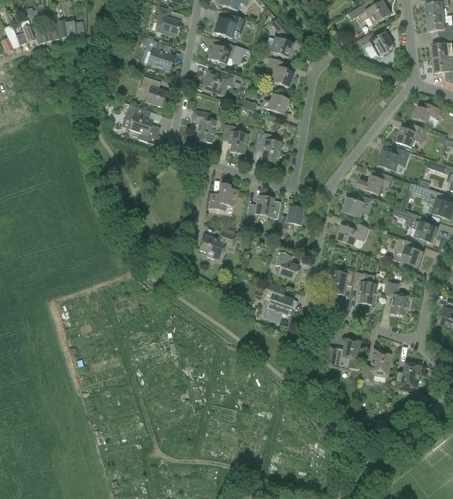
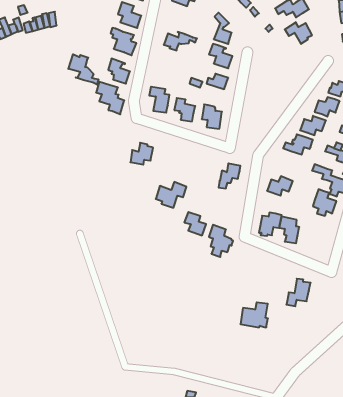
building: [213,12,246,38] -> none
building: [202,69,242,93] -> none
building: none -> [68,54,98,85]
building: [208,183,236,210] -> [130,143,153,165]
building: [341,194,373,218] -> none
building: [245,195,280,221] -> none
building: [271,250,298,279] -> [184,212,206,235]
building: [385,280,408,315] -> none
building: [325,338,359,369] -> [240,302,268,327]
building: [393,362,419,390] -> none

